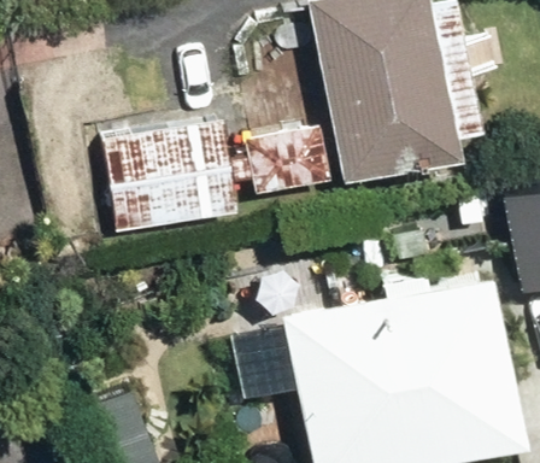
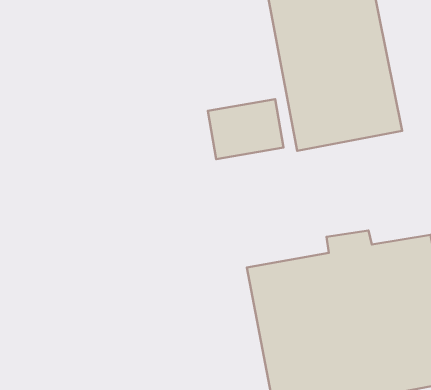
building: [98,118,233,228] -> none

